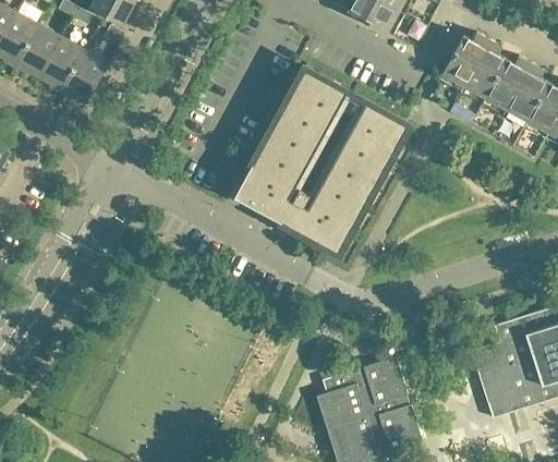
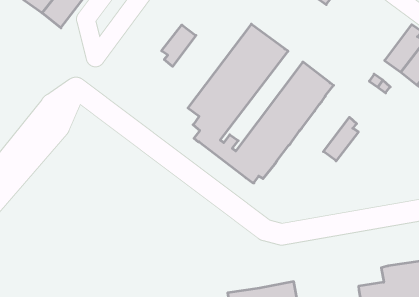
building: [441,34,488,87] -> none
building: none -> [162,25,196,66]
building: none -> [323,117,358,161]

